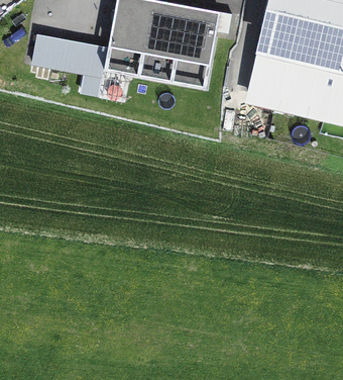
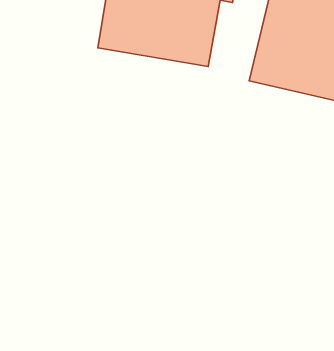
building: [32,33,108,95] -> none

